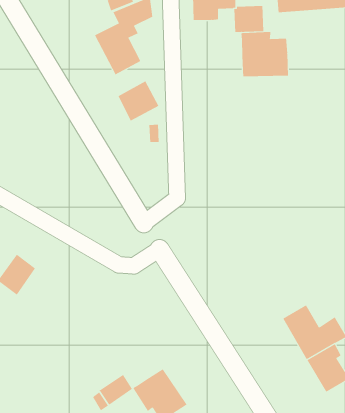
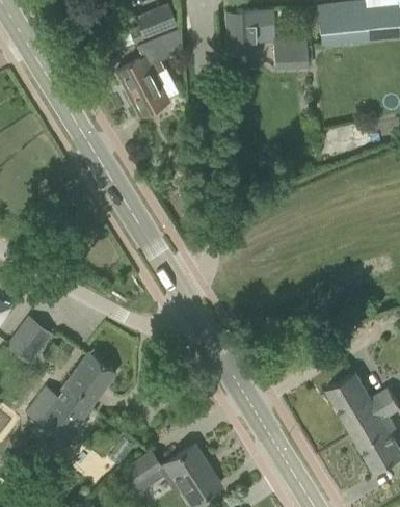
building: [241,31,289,77] -> none
building: [118,81,159,122] -> none
building: none -> [26,351,116,443]

